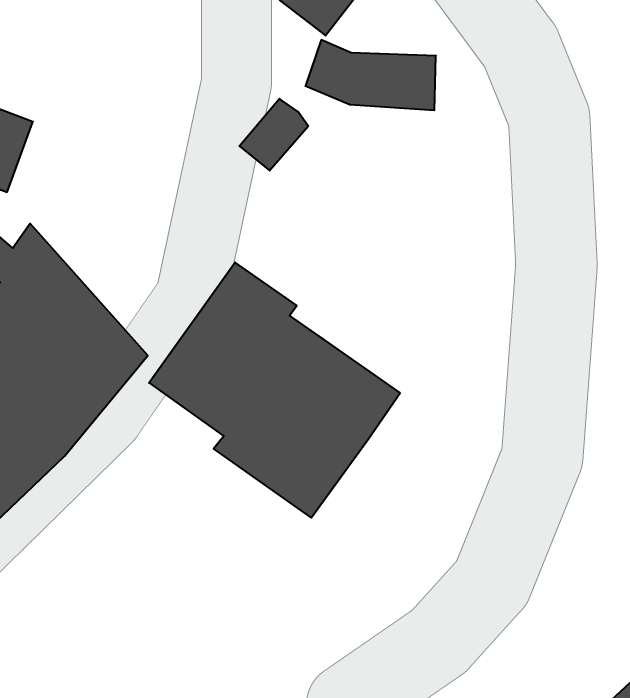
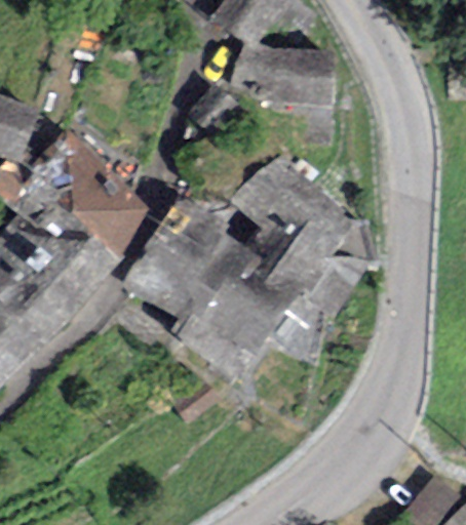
building: none -> [28,121,149,262]
building: none -> [229,159,366,349]

